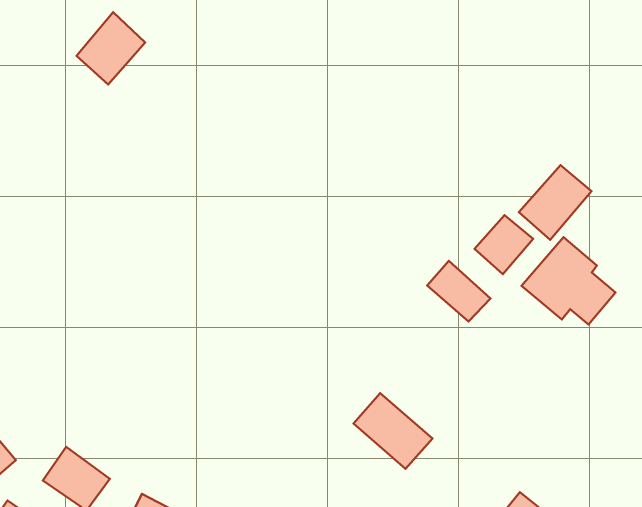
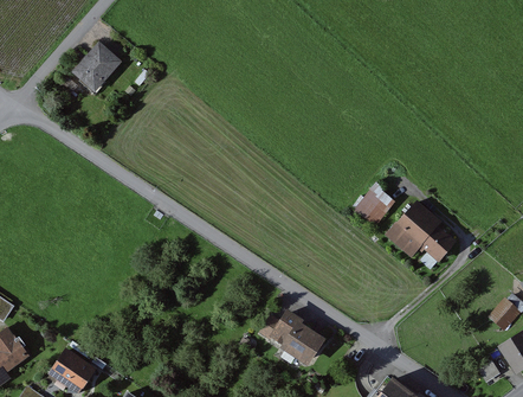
building: [519,165,592,240] -> none
building: [427,261,491,321] -> none

